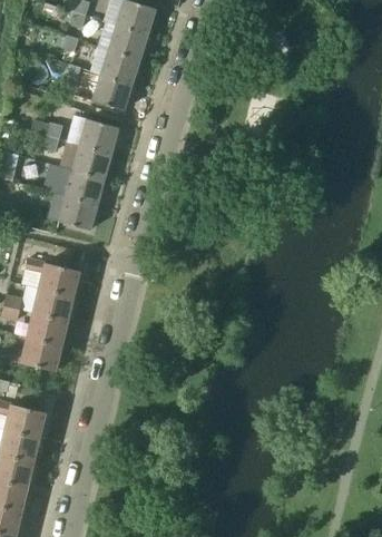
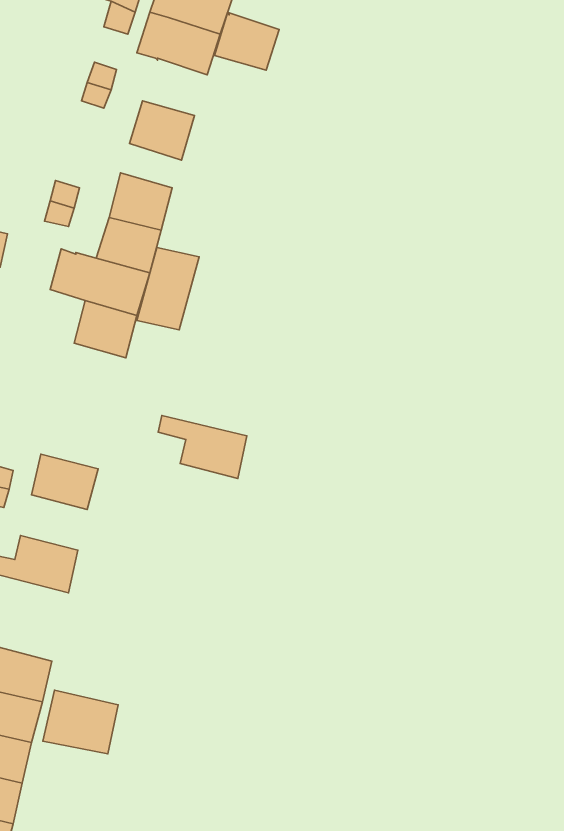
building: [100,49,139,84] -> [214,13,279,70]
building: none -> [137,248,199,330]
building: [26,258,79,296] -> [158,416,247,478]
building: [27,312,67,345] -> none
building: none -> [43,690,118,754]

